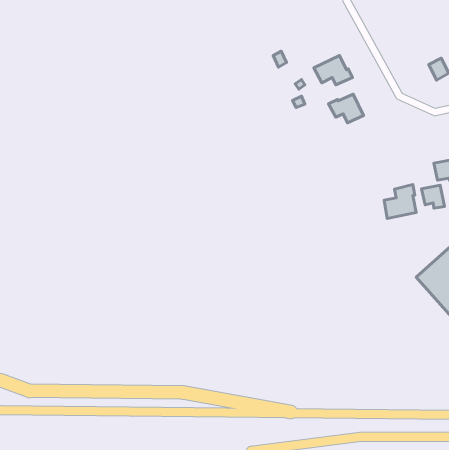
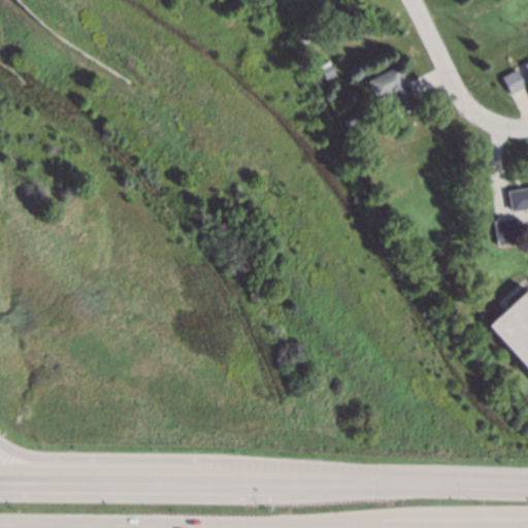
building: [328,94,363,123] -> none
building: [384,184,416,219] -> none

